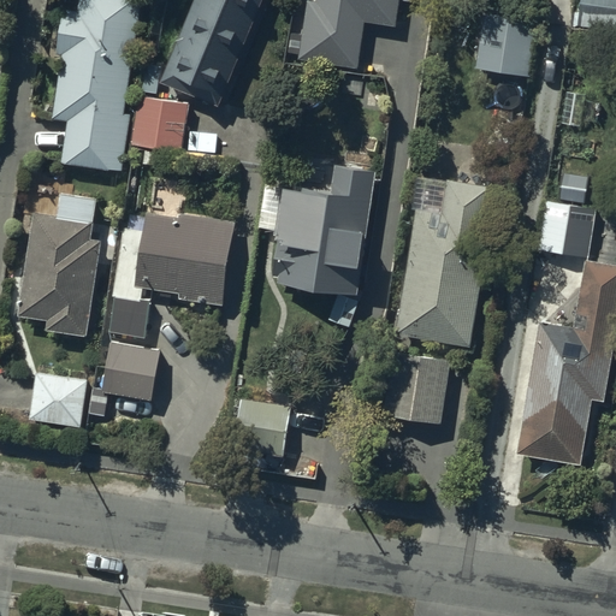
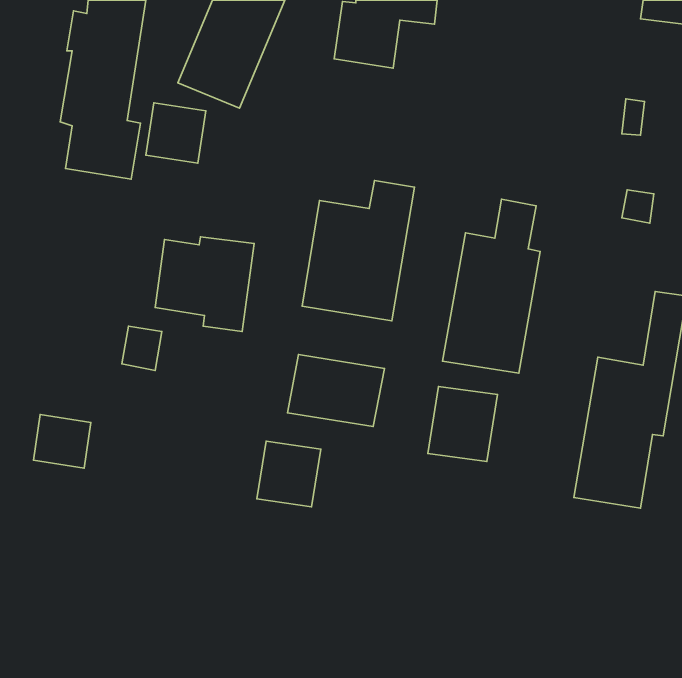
building: [475,16,535,75] -> none
building: [17,195,99,332] -> none
building: [540,205,591,255] -> none
building: none -> [287,355,384,427]
building: [101,345,156,399] -> none

